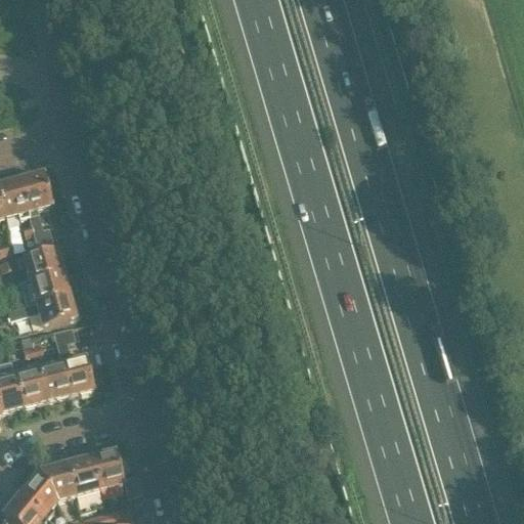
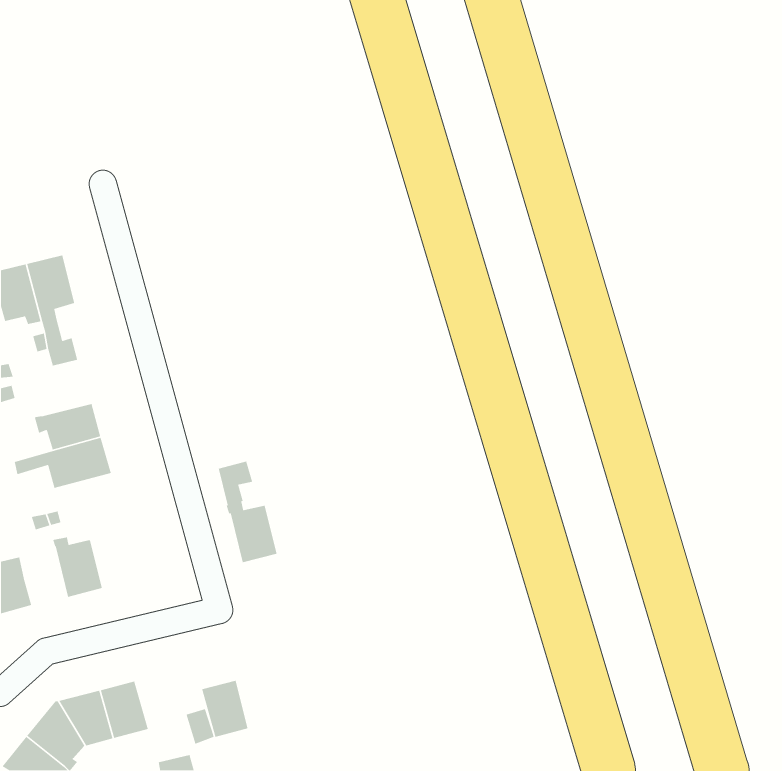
building: [17,245,62,277] -> none
building: [53,324,93,393] -> [218,461,278,563]
building: [14,360,46,404] -> none
building: [91,448,123,487] -> [201,680,249,738]

